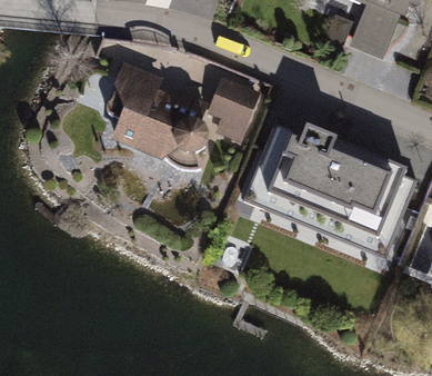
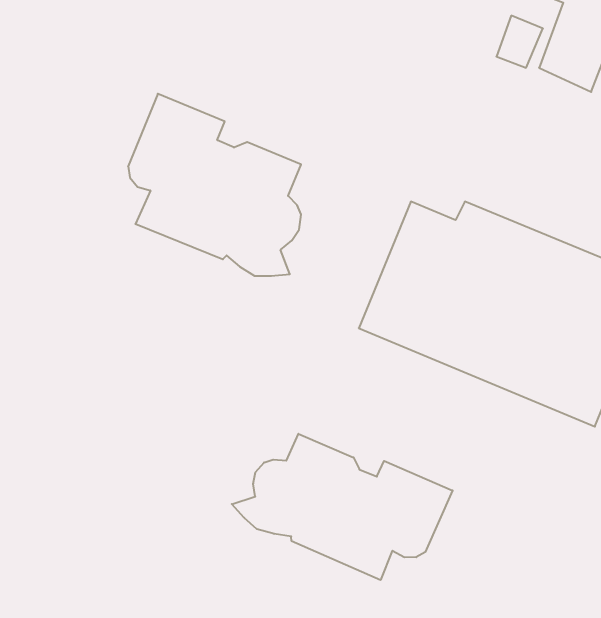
building: [208,77,261,142] -> none
building: none -> [232,434,453,580]

